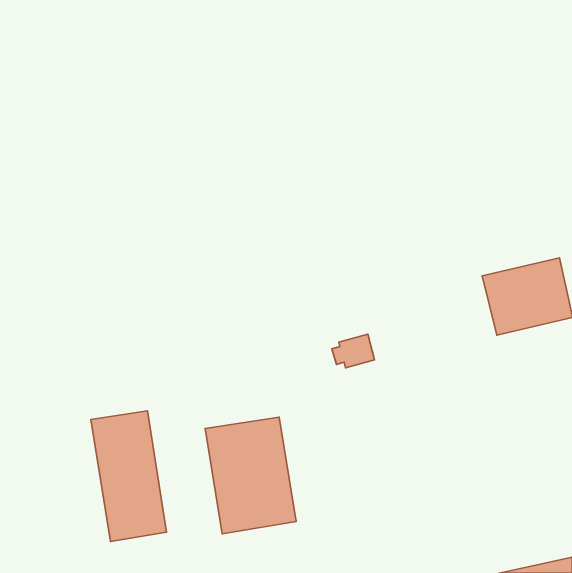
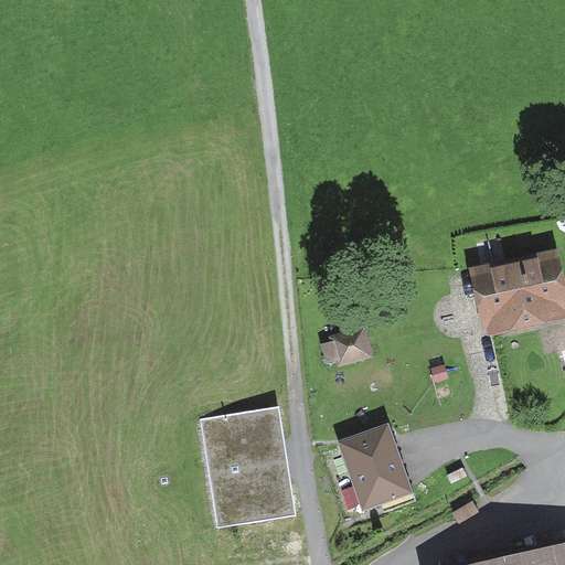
building: [91,411,167,542] -> none
building: none -> [342,428,409,507]

